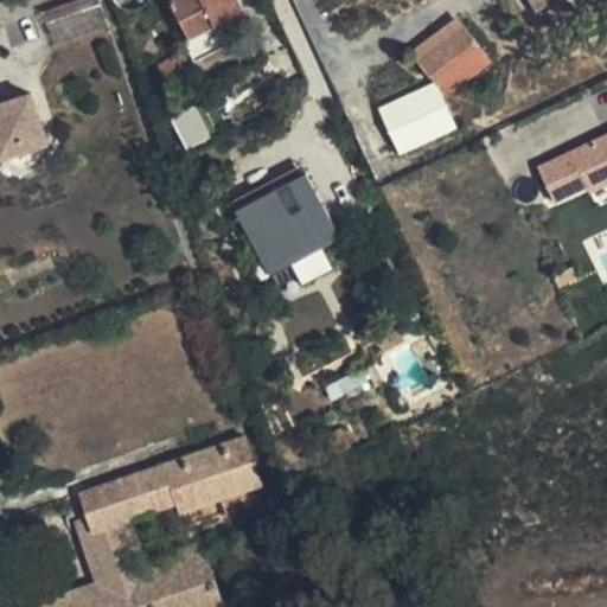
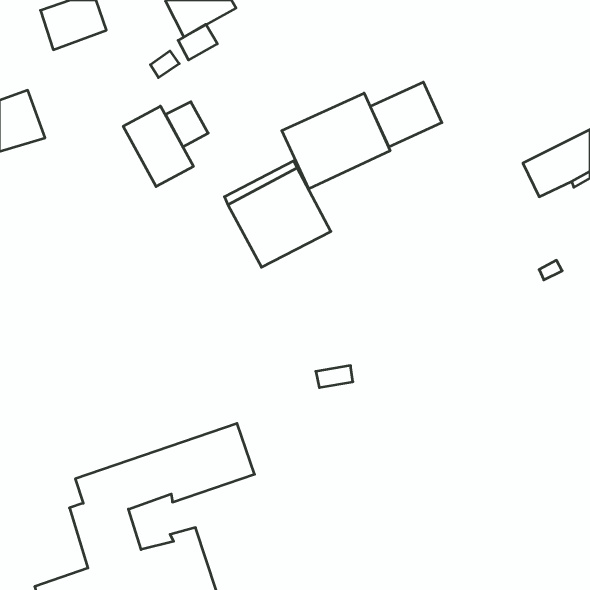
building: [405,17,491,98] -> none
building: none -> [282,93,390,189]
building: none -> [123,106,193,187]

